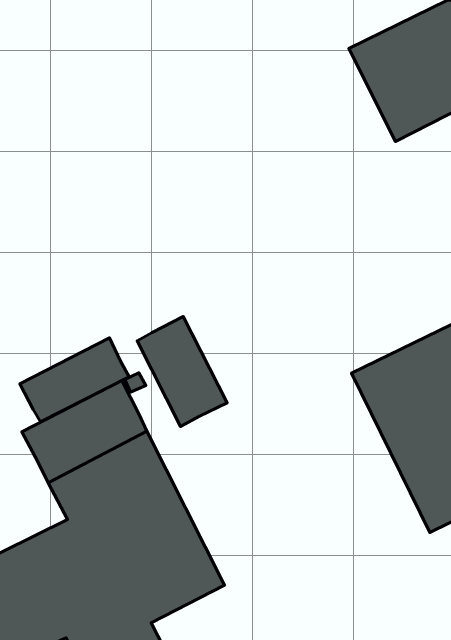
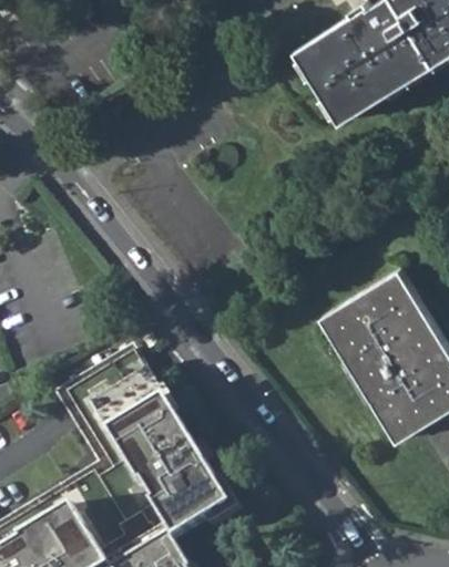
building: [137,316,227,427] -> none
building: [20,338,129,422] -> none

